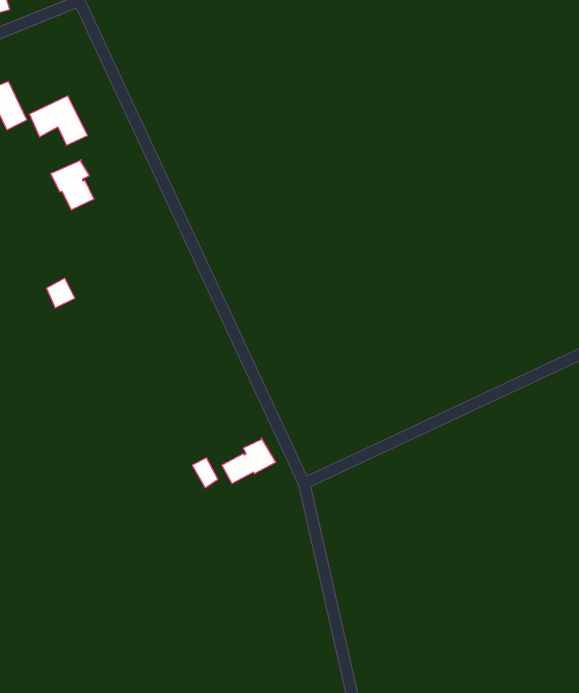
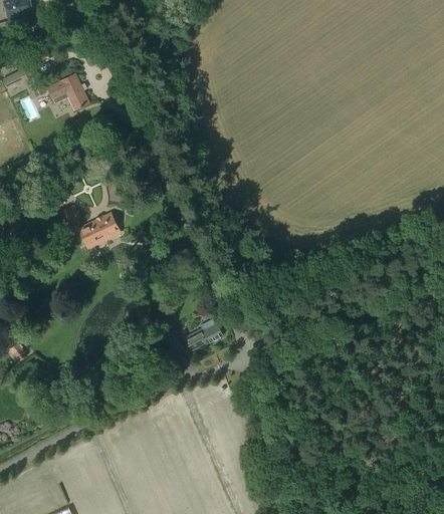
building: [51,160,94,210] -> none
building: none -> [76,213,119,243]

